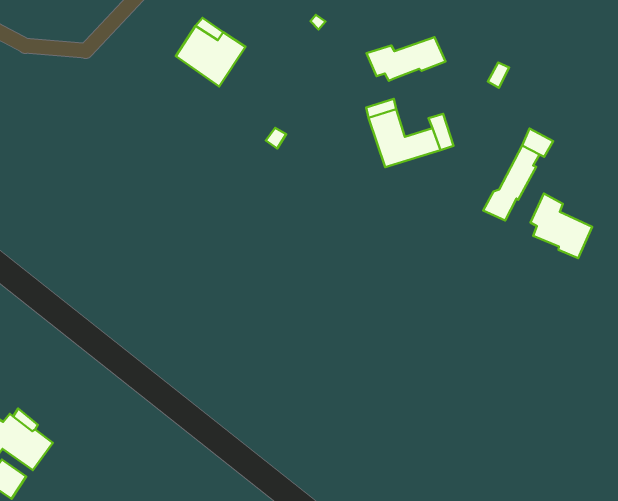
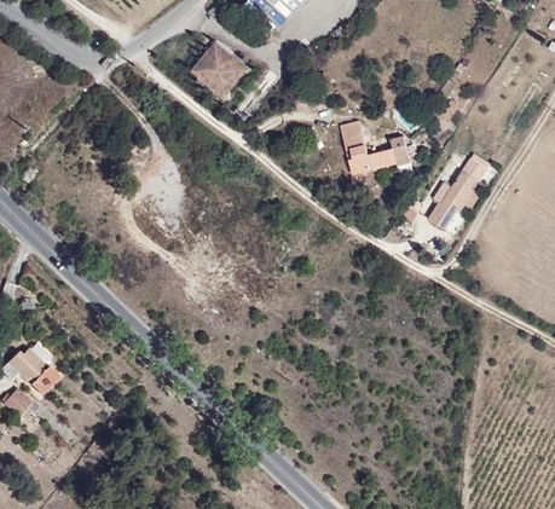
building: [367,37,445,81] -> none
building: [531,193,592,258] -> none

